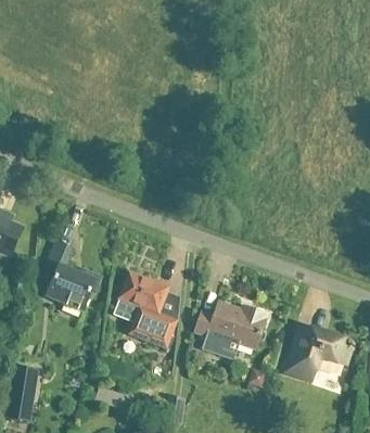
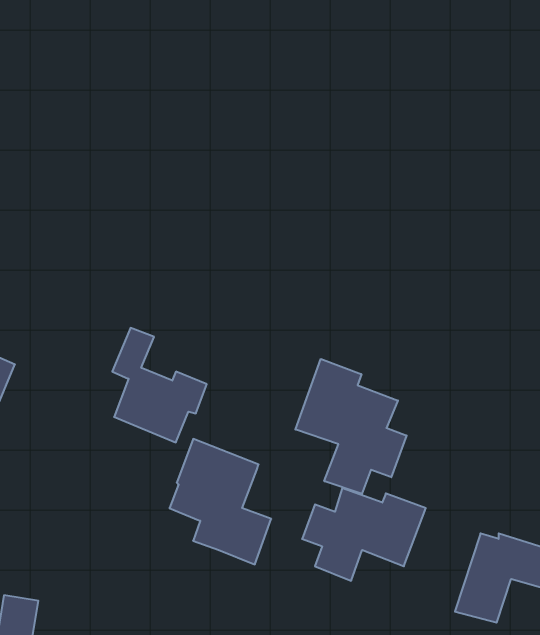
building: none -> [295,359,407,494]
building: [47,242,103,310] -> [112,328,207,442]

